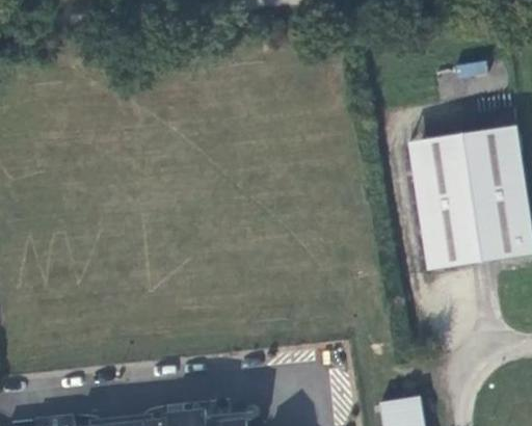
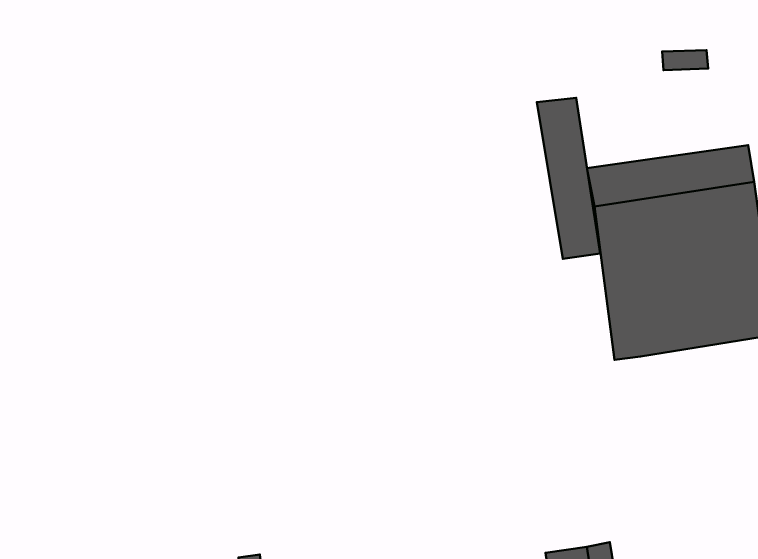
building: none -> [537,98,600,259]

